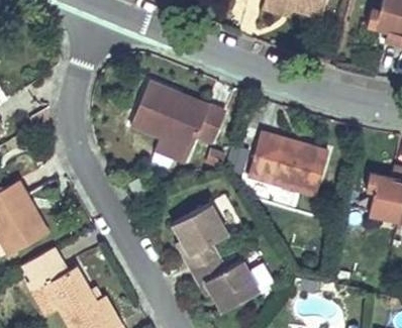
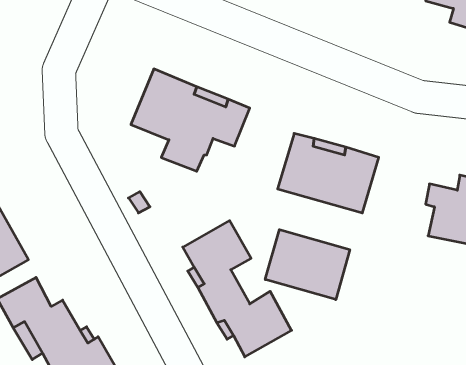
building: none -> [265,230,350,300]

